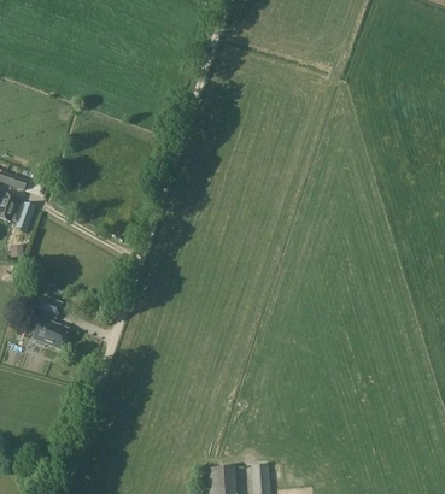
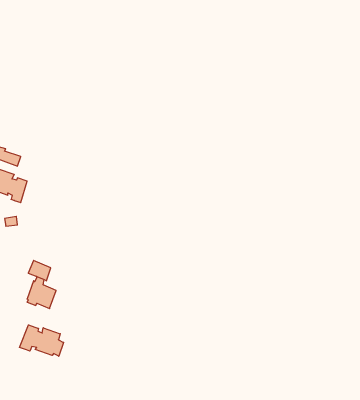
building: none -> [20,325,64,356]

